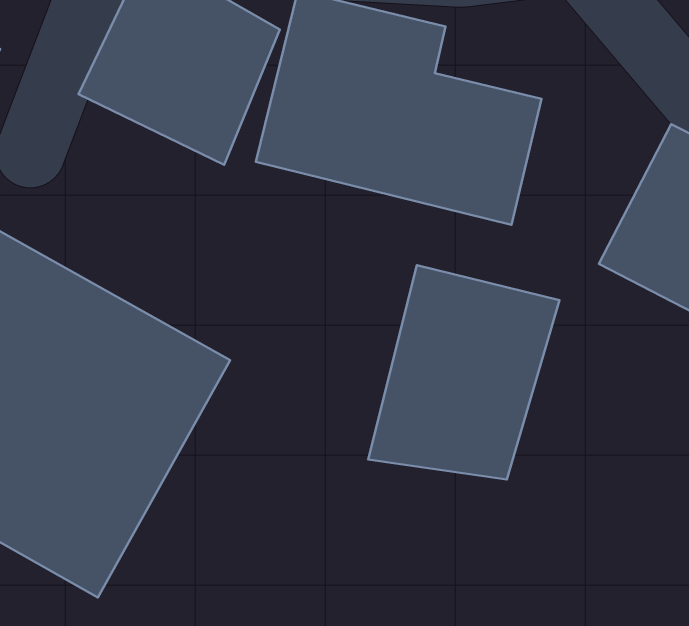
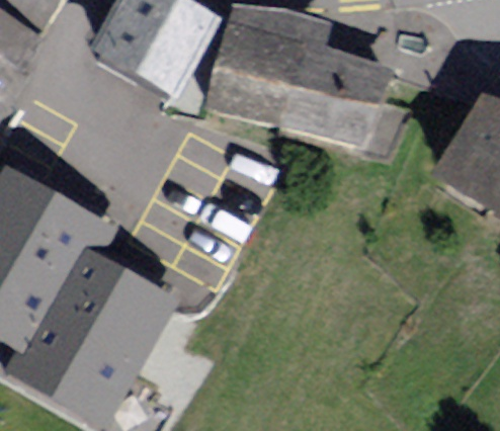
building: [368,265,559,480] -> none

